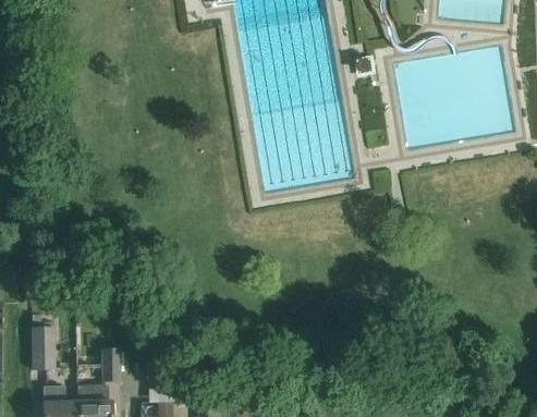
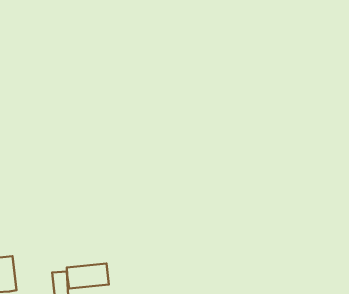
building: none -> [67,264,109,289]

